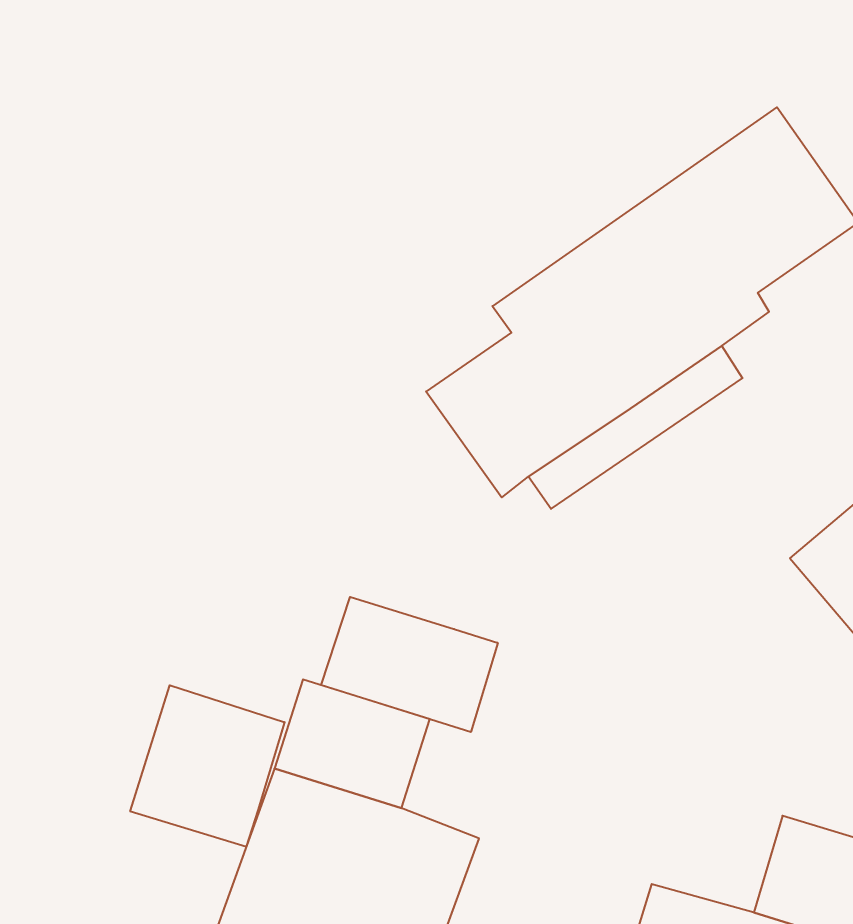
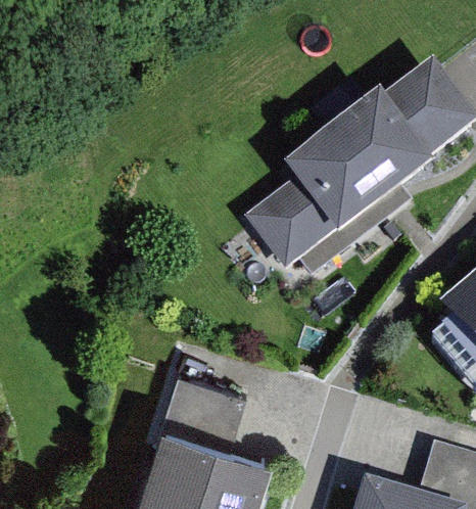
building: [321,597,498,732] -> none
building: [130,685,285,847] -> none

